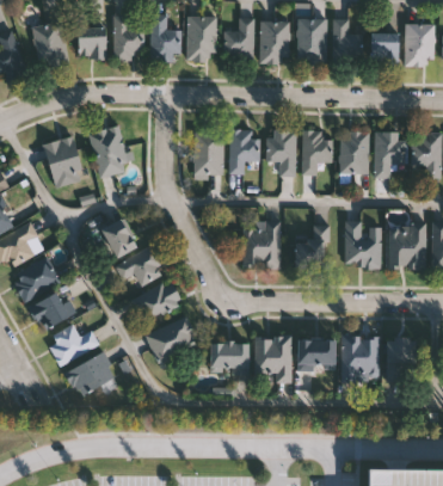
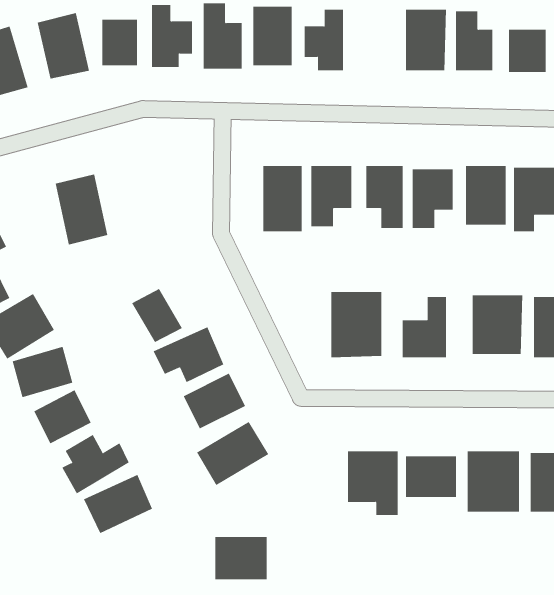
building: [260,20,289,60] -> none
building: [90,125,131,177] -> none
building: [210,342,248,373] -> [214,537,268,580]

